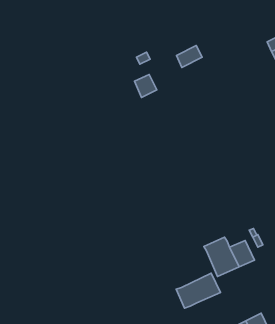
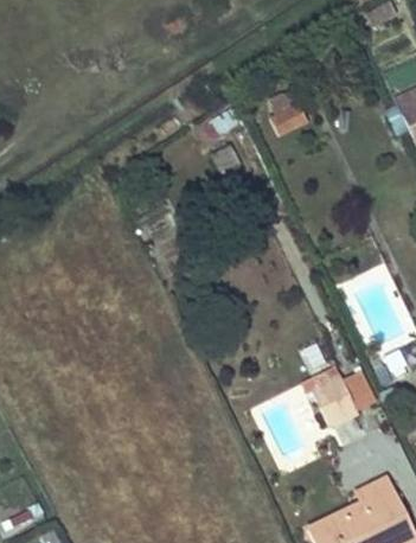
building: [176,273,220,308] -> none

